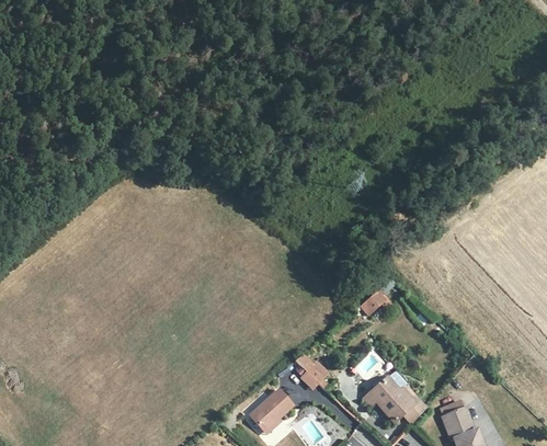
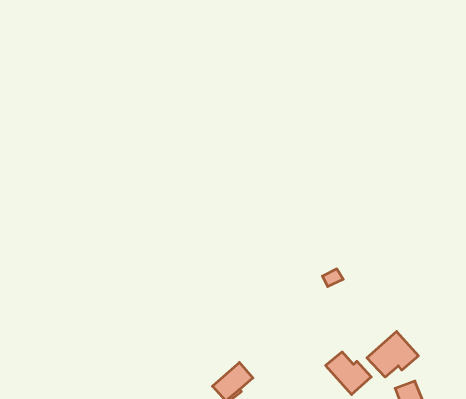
building: [290,351,329,388] -> none
building: none -> [367,331,418,377]

